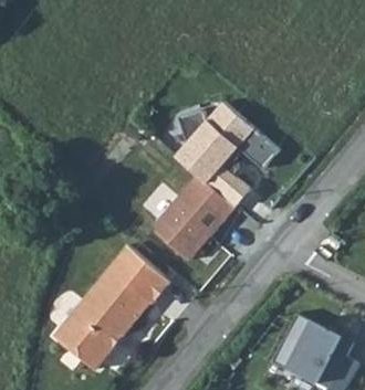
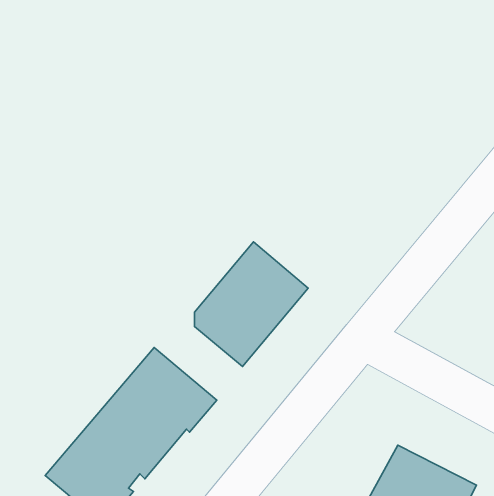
building: [176,101,279,205] -> none

